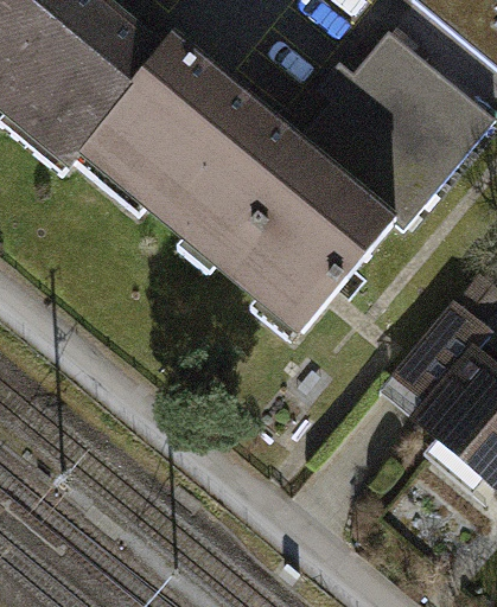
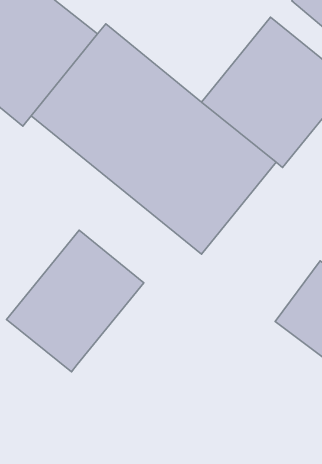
building: none -> [7,230,144,372]

